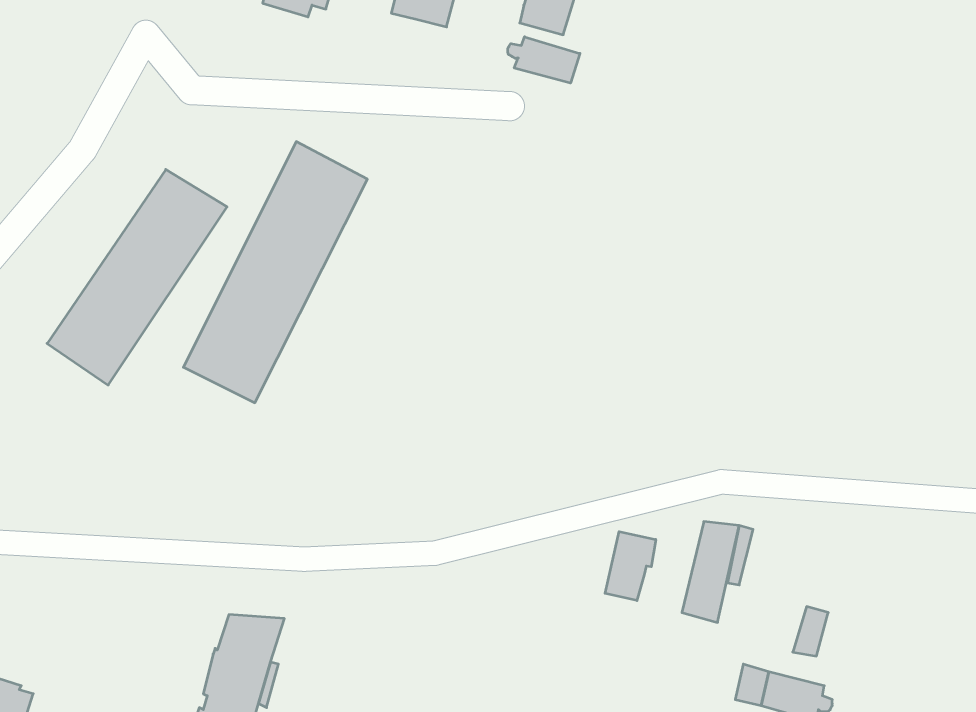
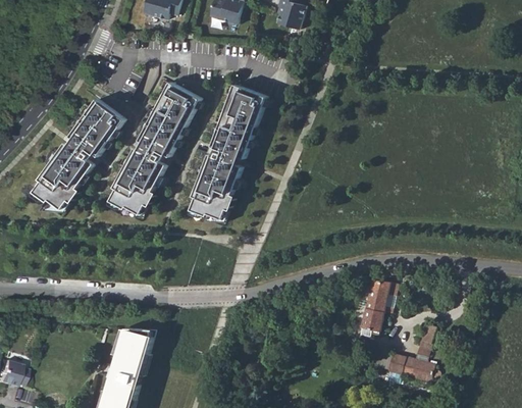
building: [508,37,580,83] -> none
building: none -> [181,85,273,225]
building: [605,532,656,601] -> none

